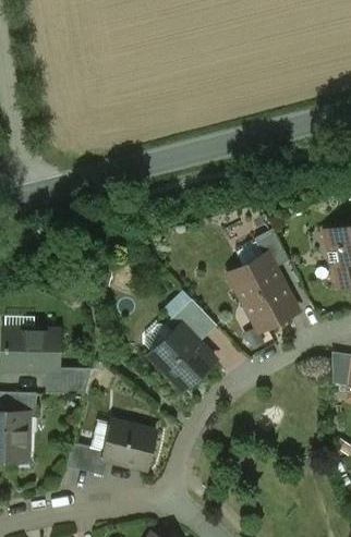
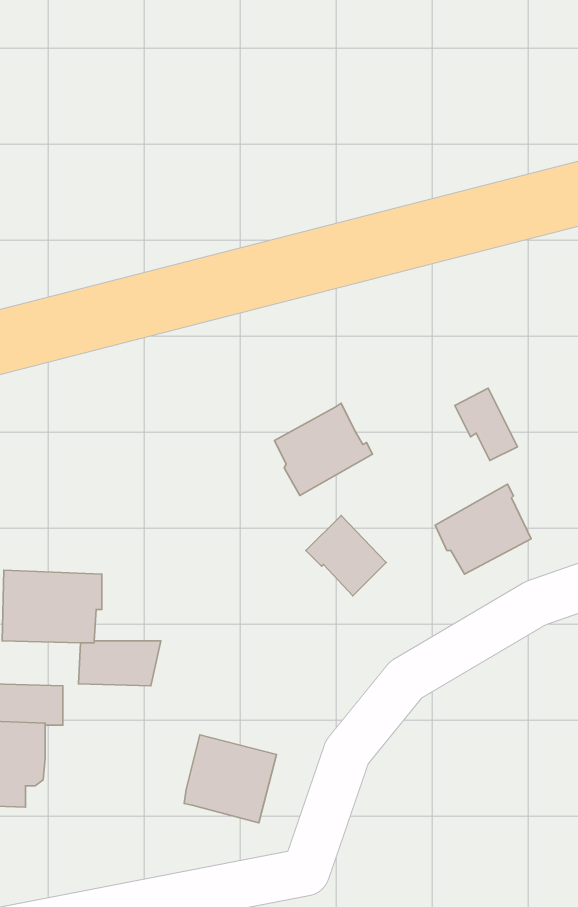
building: [229,252,283,303] -> [274,403,372,495]
building: [150,325,214,388] -> none
building: [66,442,108,475] -> none

